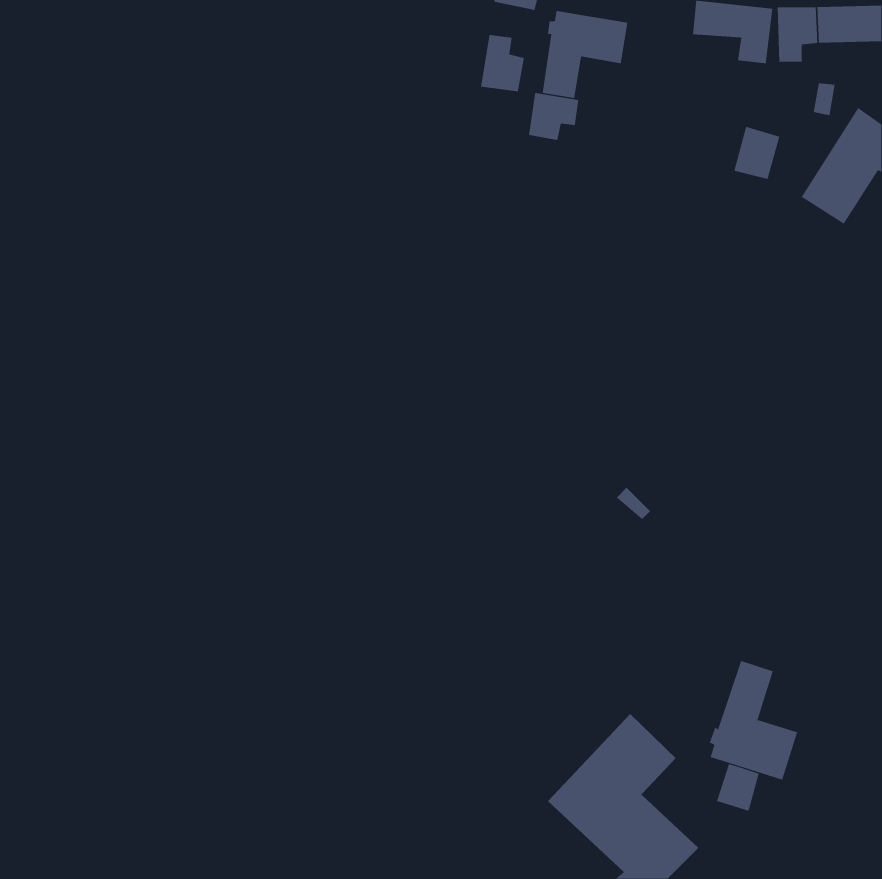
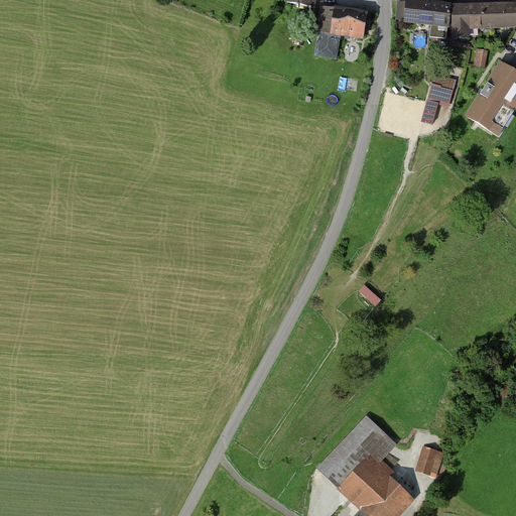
building: [480,34,525,92] -> none
building: [529,92,579,141] -> none
building: [709,660,798,781] -> none

